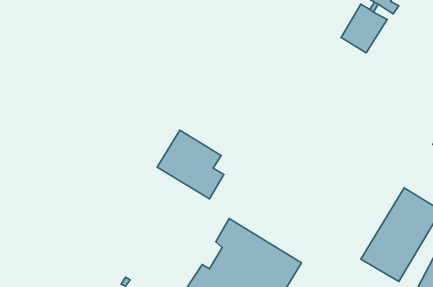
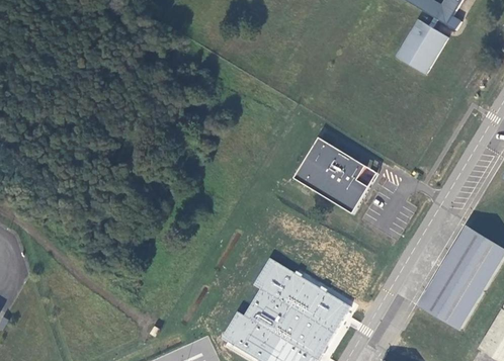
building: [157,130,224,199] -> [293,136,368,212]

